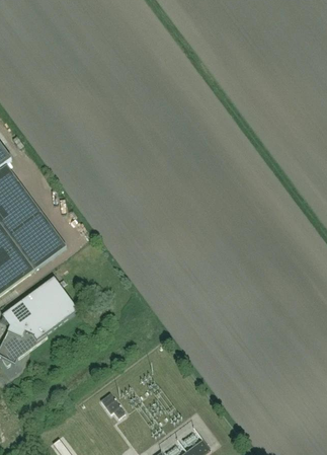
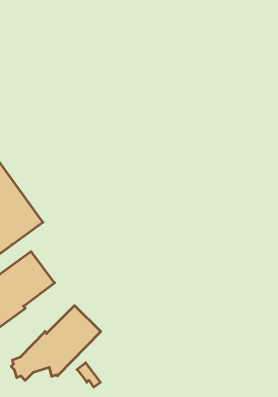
building: none -> [11,306,101,380]

